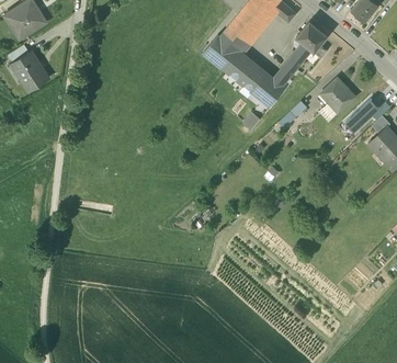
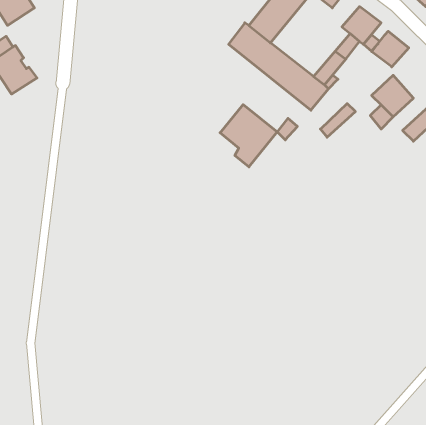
building: none -> [372,31,409,67]
building: none -> [220,105,277,167]

